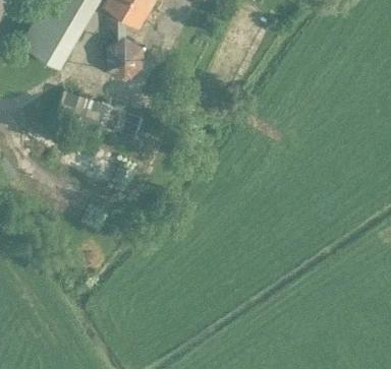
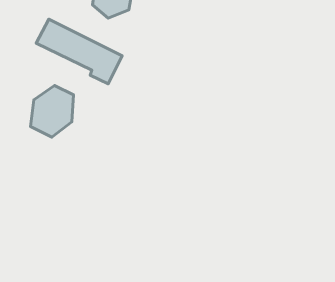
building: none -> [31,85,74,137]

